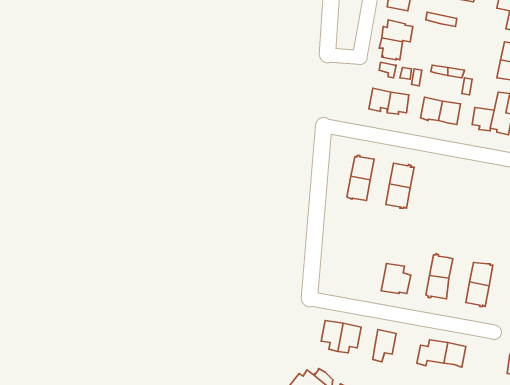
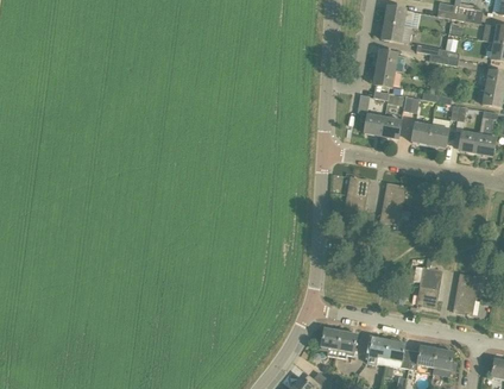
building: [381,264,411,293] -> [384,339,411,366]

